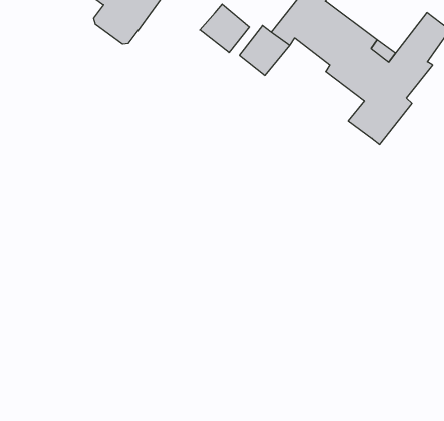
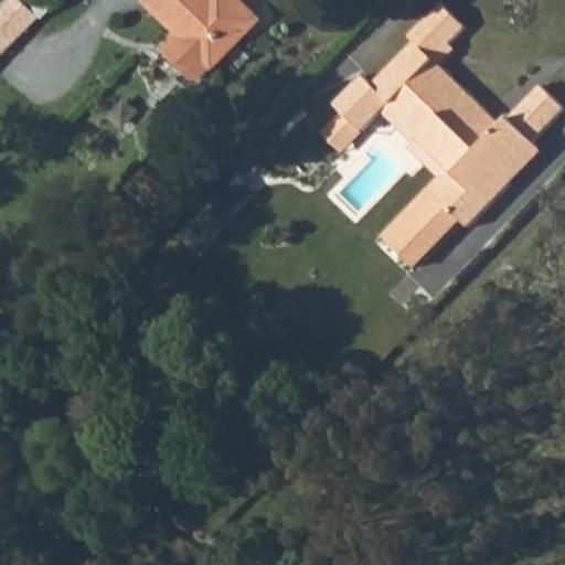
building: [200,4,250,53] -> none
building: none -> [386,196,457,268]

